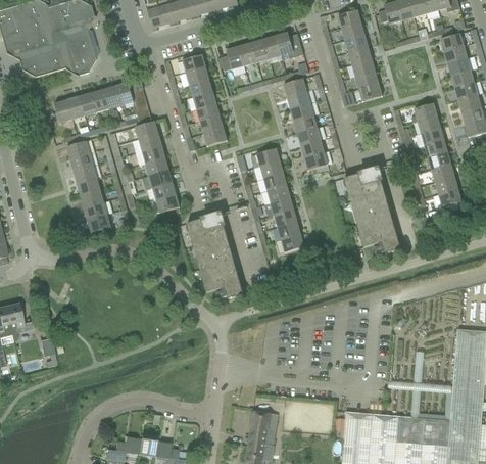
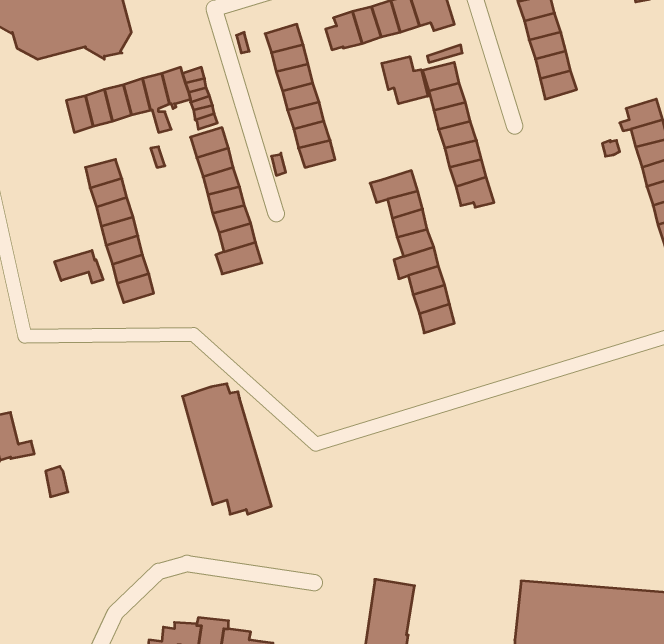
building: none -> [382,57,428,104]
building: [343,169,400,253] -> none
building: none -> [55,250,103,283]
building: [186,215,243,298] -> [182,384,271,514]

